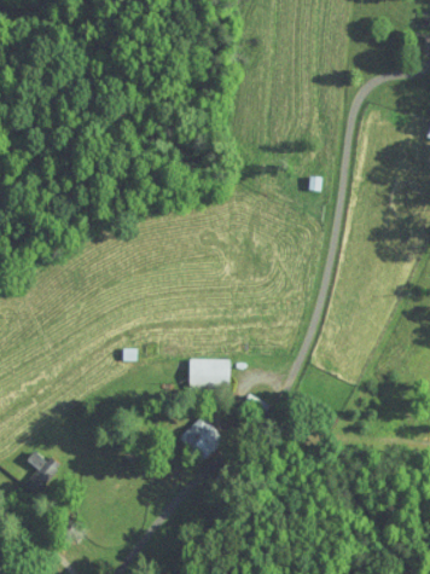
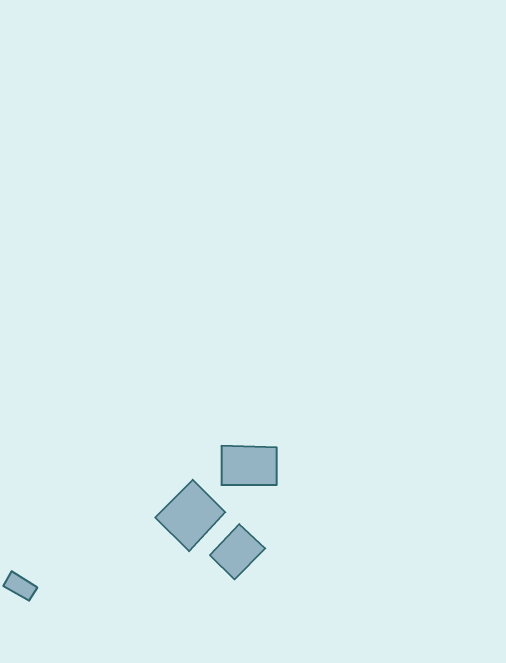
building: none -> [155,480,225,551]

